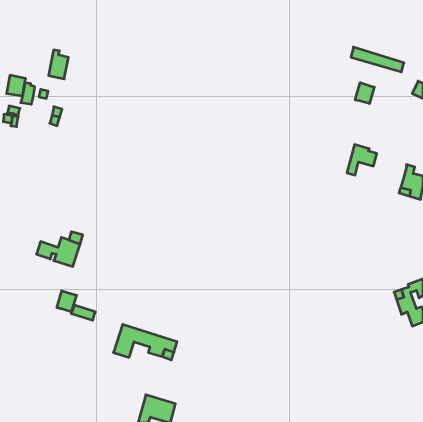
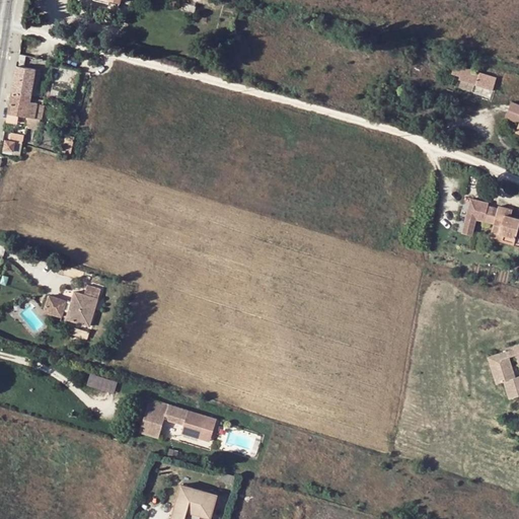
building: [49,50,68,79] -> [12,62,36,97]
building: [355,83,374,104] -> none
building: [347,145,377,175] -> [461,195,498,232]
building: [57,291,77,312] -> none

